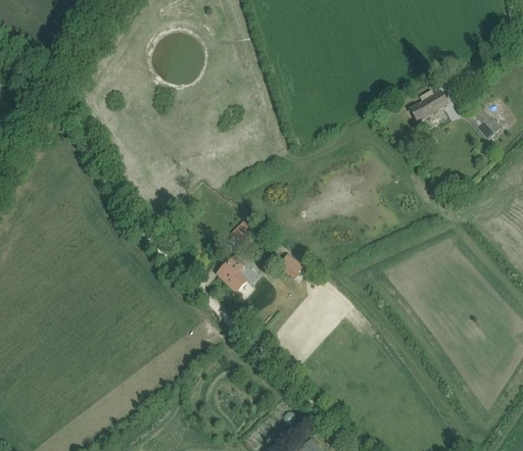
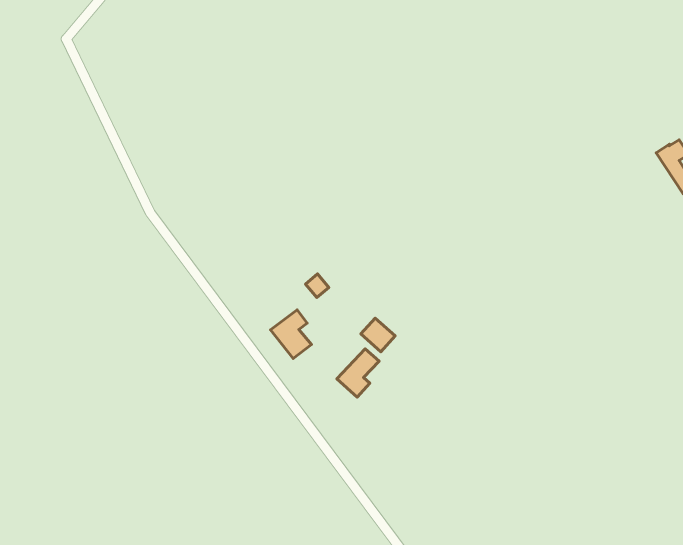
building: [408,89,447,121] -> none
building: none -> [337,349,379,397]

